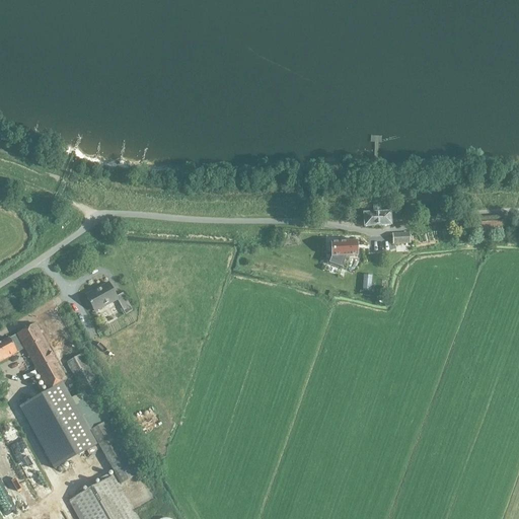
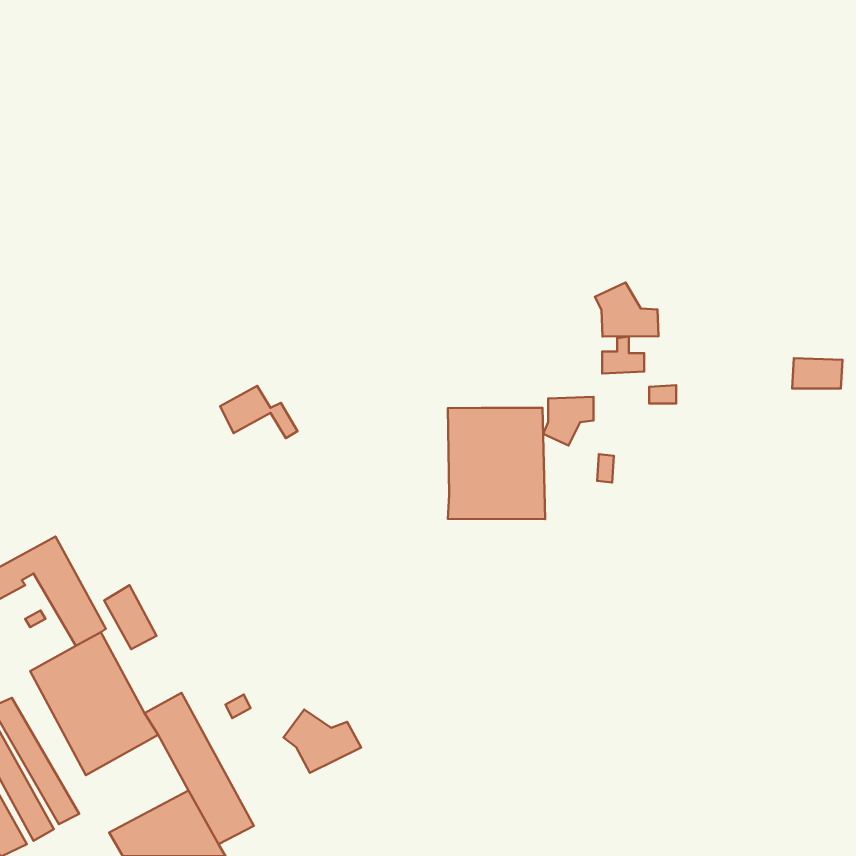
building: none -> [595,282,659,337]
building: none -> [448,408,545,519]
building: [84,282,131,313] -> [220,386,298,438]
building: none -> [283,709,361,773]

